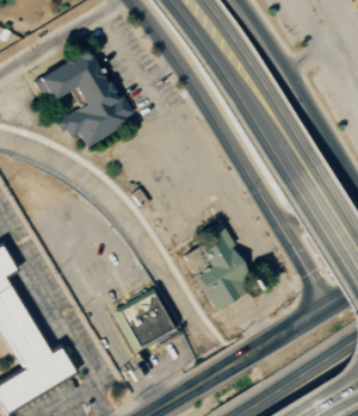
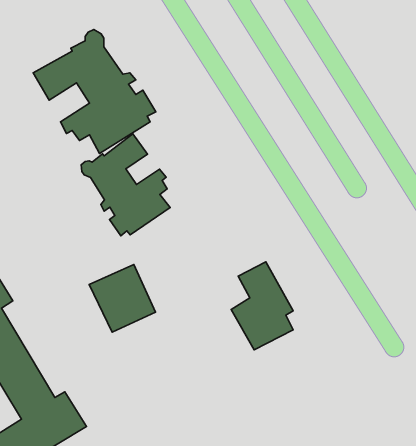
building: none -> [81,134,170,236]
building: [117,292,172,348] -> [89,264,156,332]

